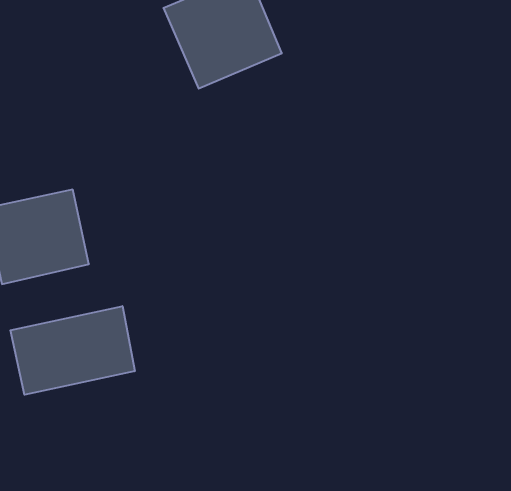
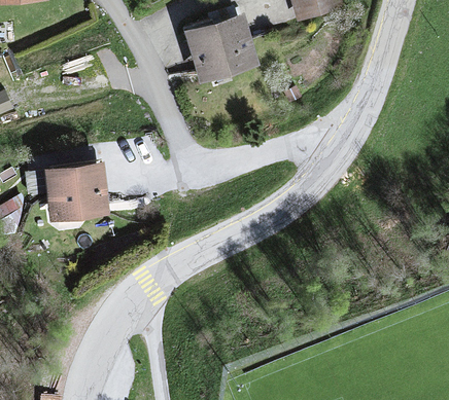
building: [10,306,135,395] -> none

